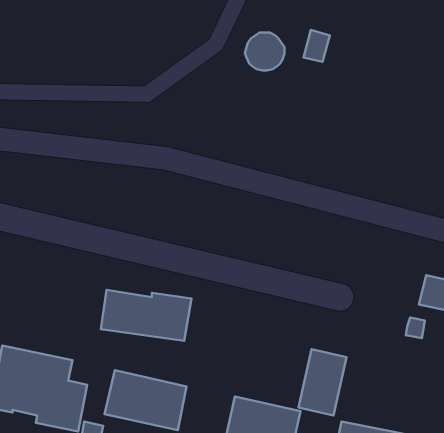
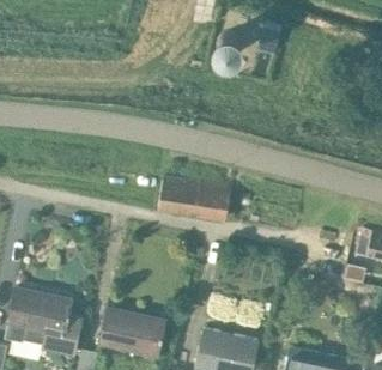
building: [101,290,191,341] -> [158,178,232,220]
building: [298,349,346,416] -> none

